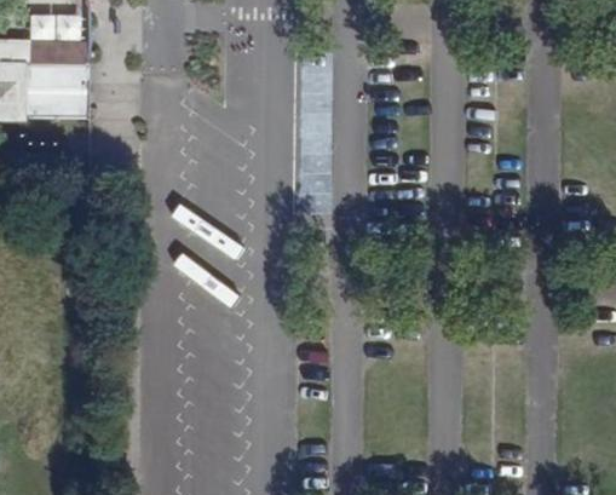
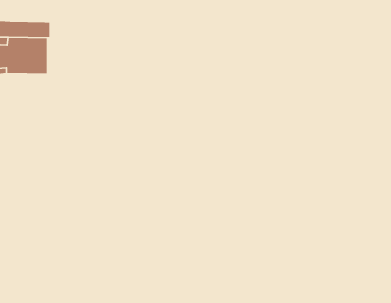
building: [29,15,81,41] -> none

